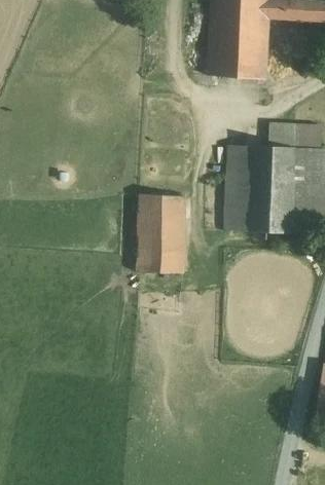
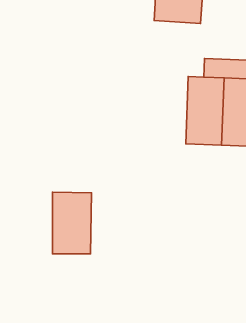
building: [226,144,250,230] -> none
building: [137,191,186,269] -> [52,192,91,254]

